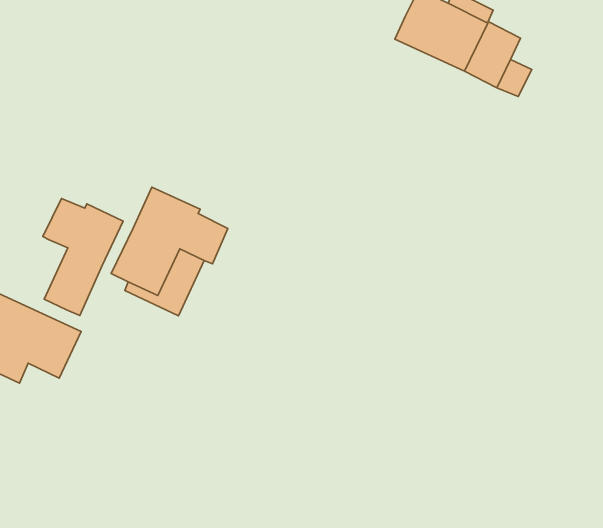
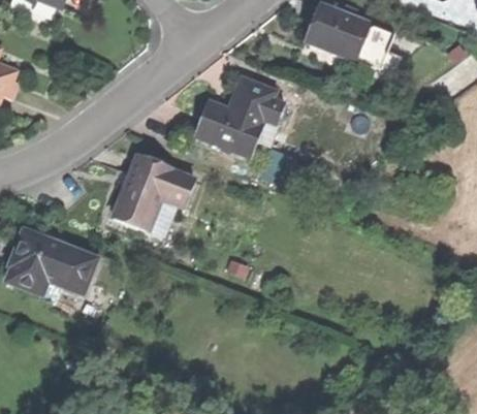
building: none -> [195,75,275,154]
building: [43,199,123,315] -> none

